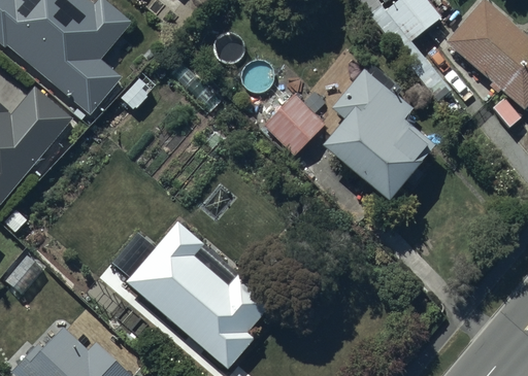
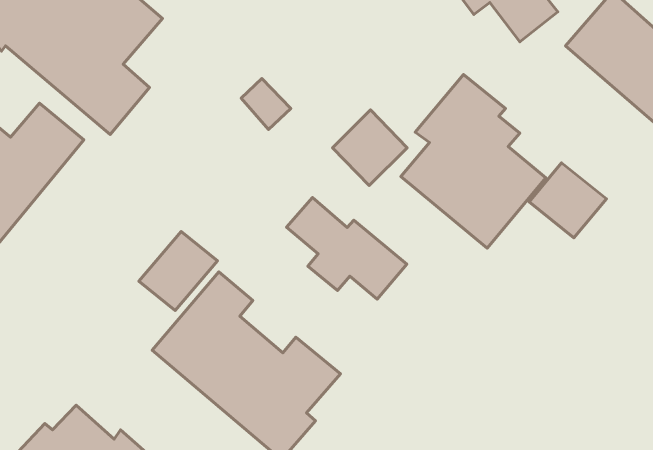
building: none -> [529,163,606,238]
building: none -> [286,197,407,299]
building: none -> [139,231,218,311]

